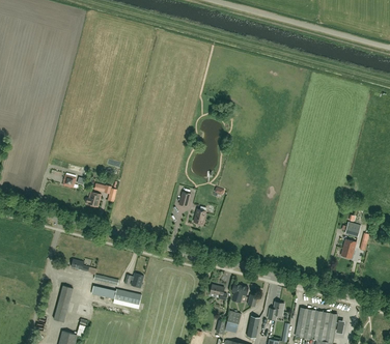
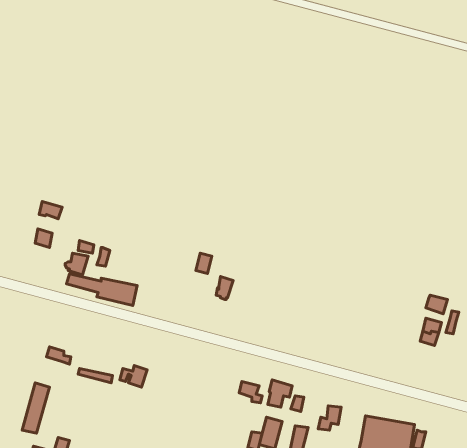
building: [91,286,142,309] -> [67,274,137,305]

